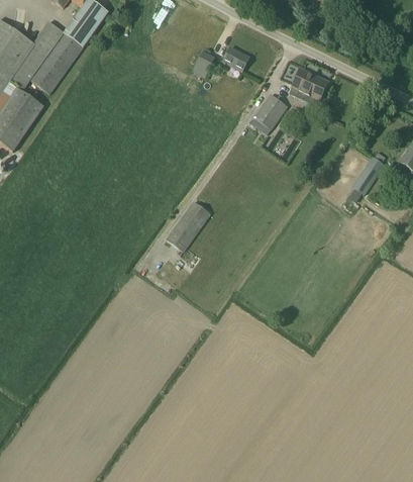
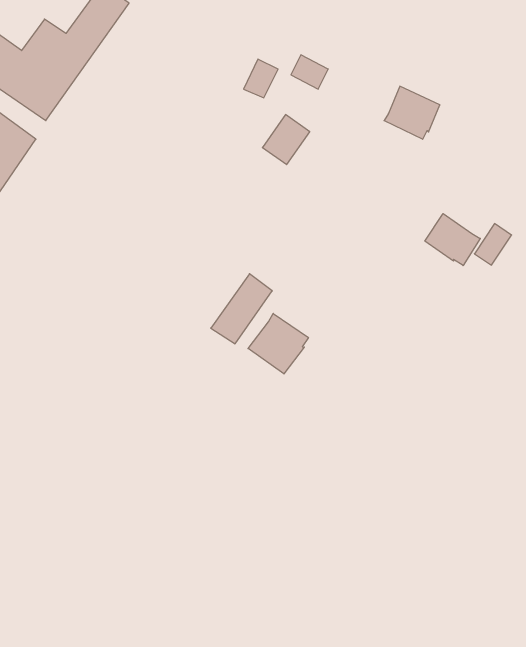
building: [254,93,288,128] -> [262,115,310,165]
building: none -> [425,214,480,266]
building: none -> [248,313,308,374]

